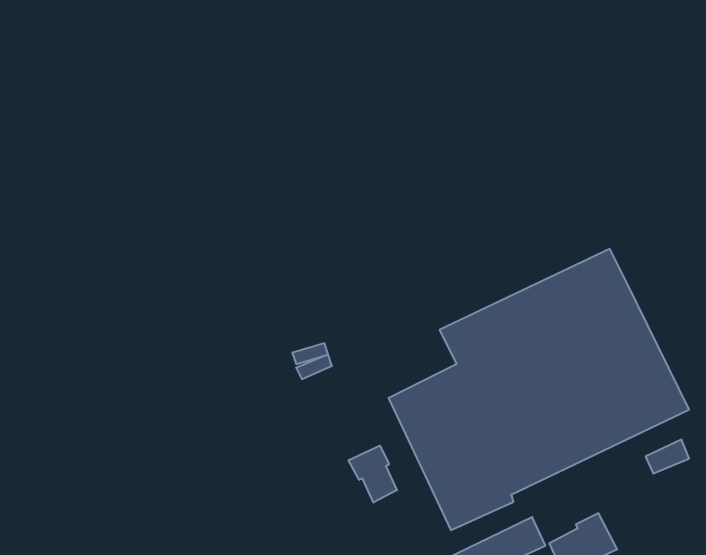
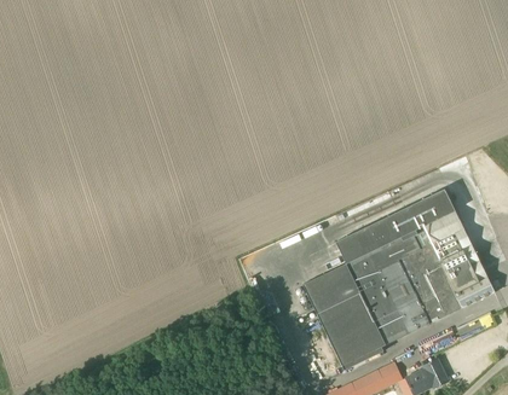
building: [349,446,397,503] -> none

